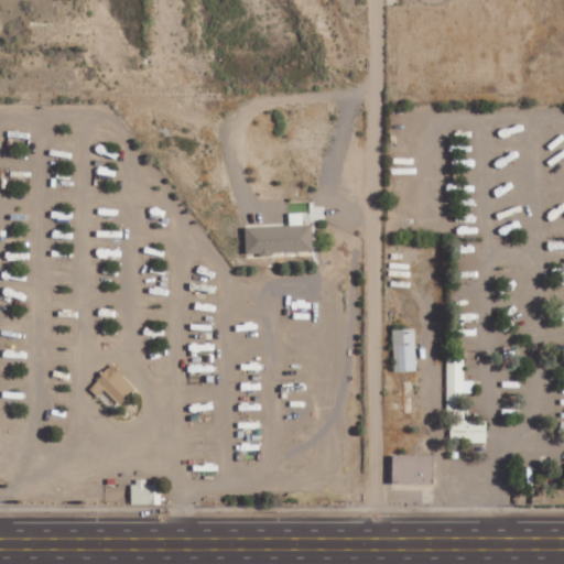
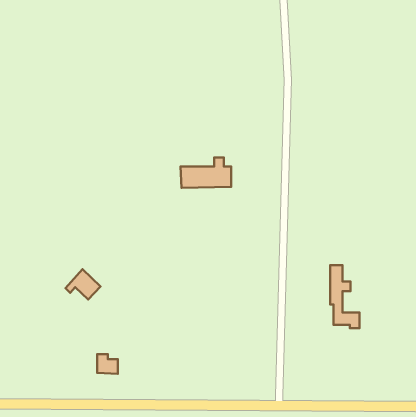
building: [391,328,415,372] -> none
building: [392,455,433,484] -> none

